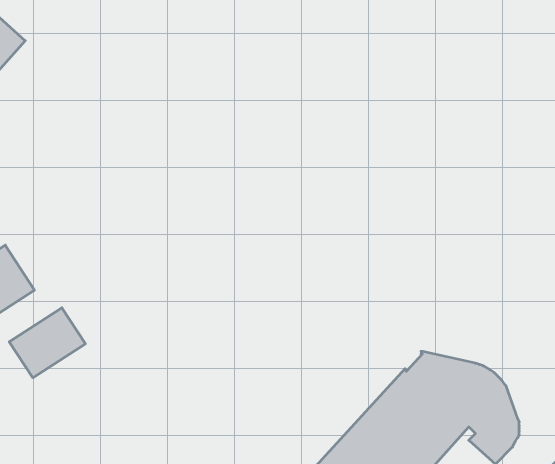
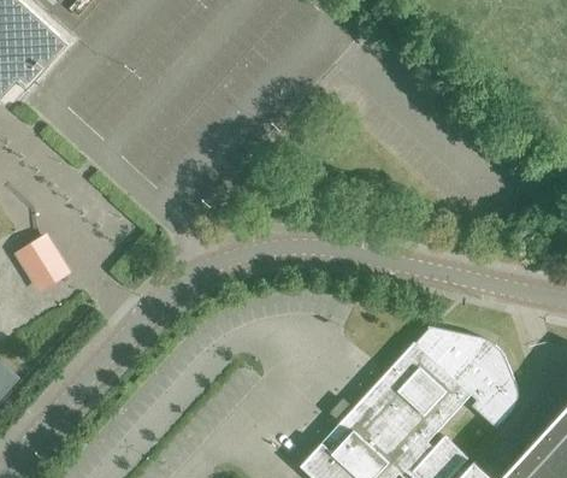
building: [9,308,85,378] -> none

